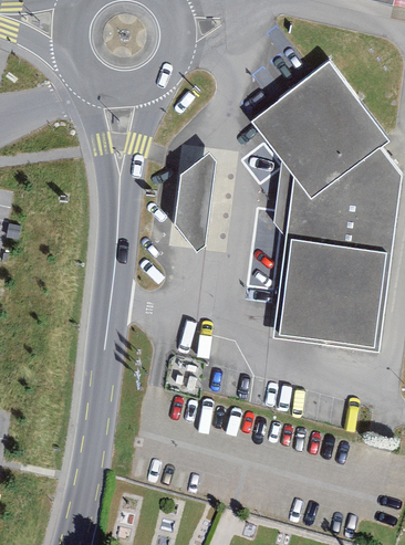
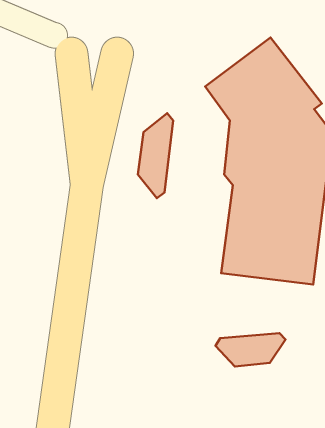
building: none -> [216,333,286,367]

